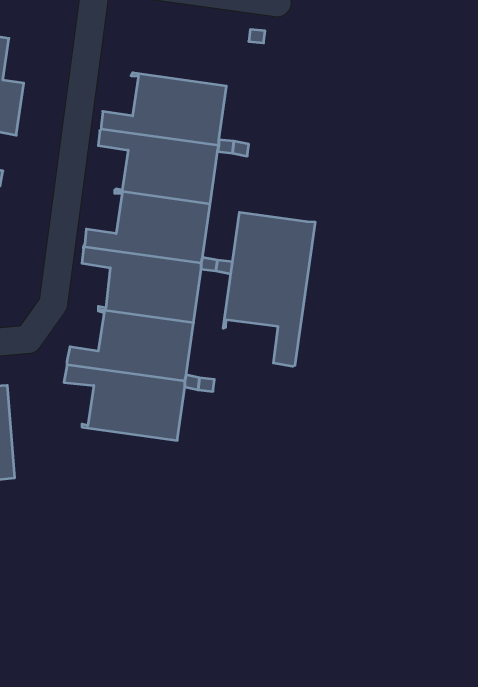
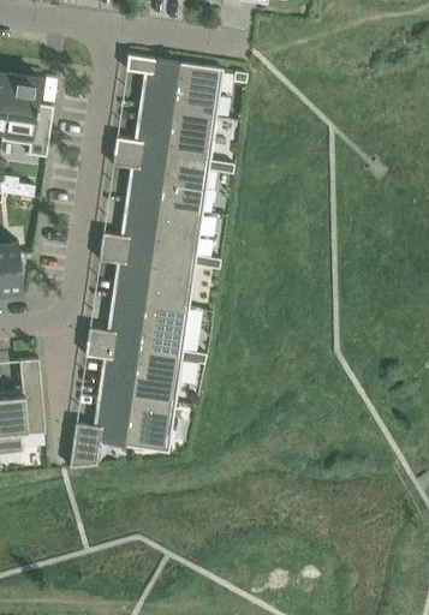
building: none -> [124,55,221,118]
building: [223,212,315,366] -> none
building: none -> [67,393,174,467]

